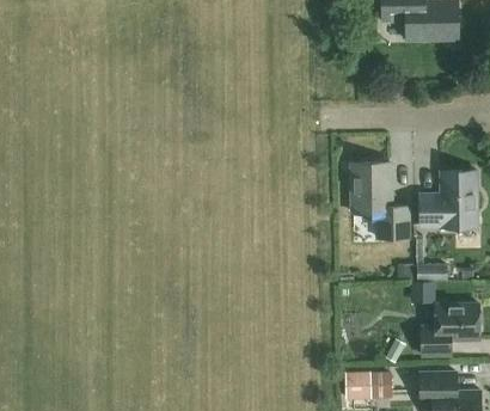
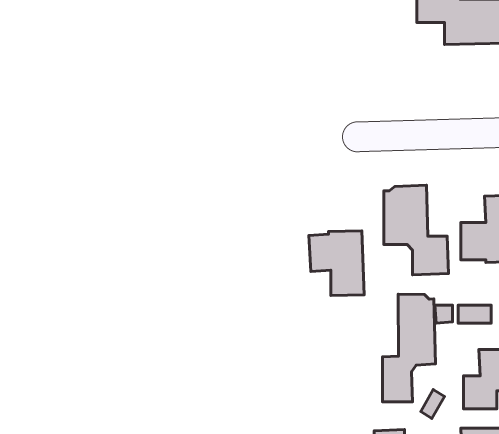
building: none -> [309,231,364,296]
building: none -> [382,294,436,402]

